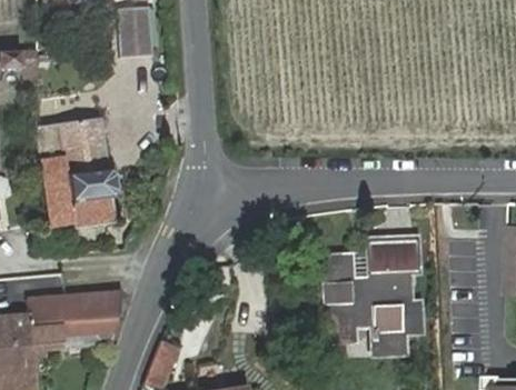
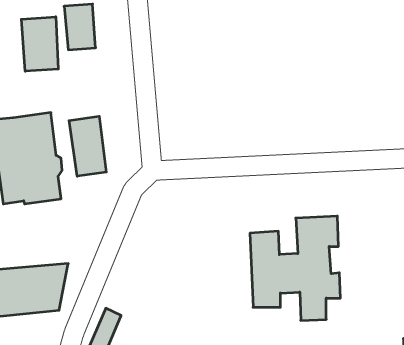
building: none -> [21,17,58,71]
building: none -> [69,116,106,176]

